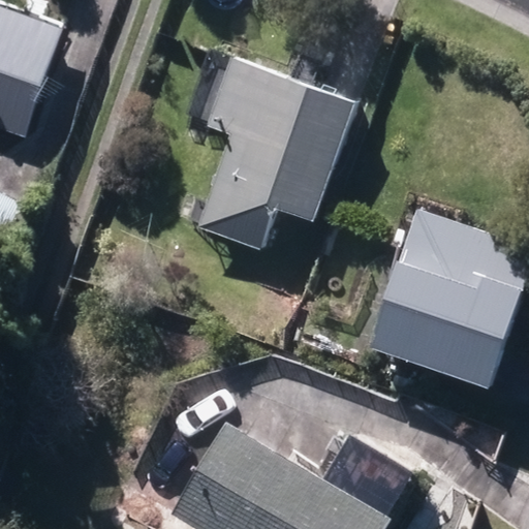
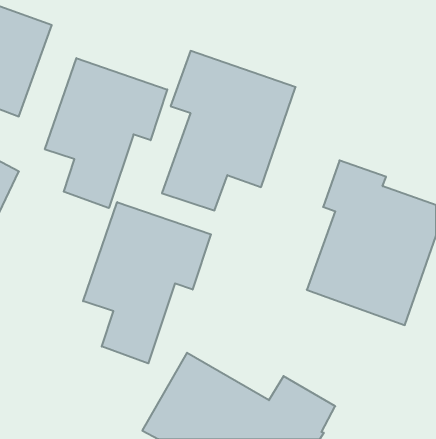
building: none -> [45,58,167,208]
building: none -> [83,202,211,363]

